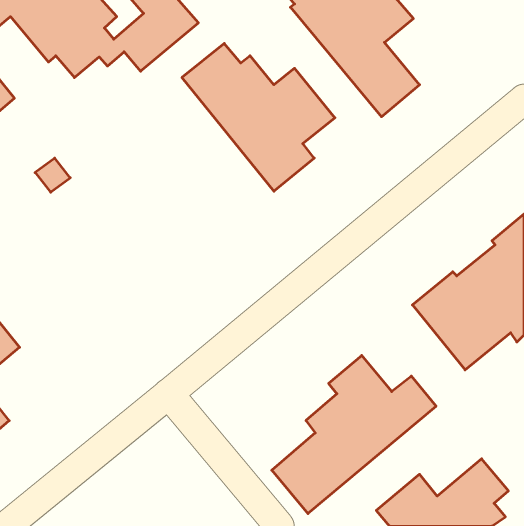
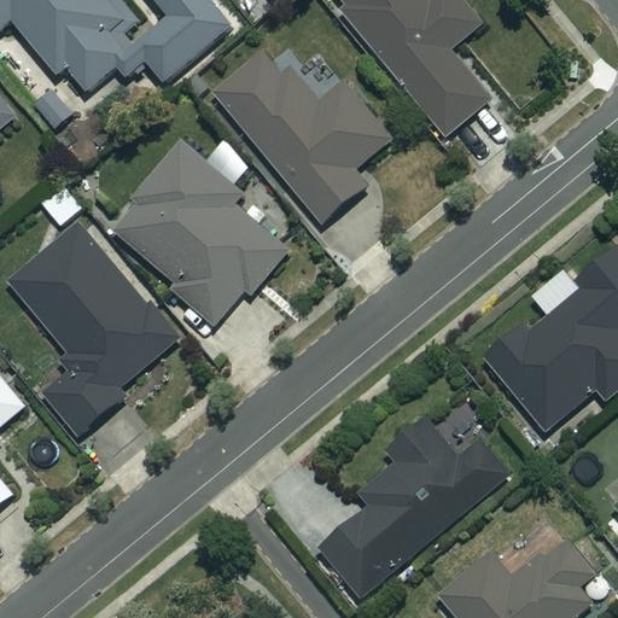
building: none -> [107,141,292,328]
building: none -> [7,223,181,433]

